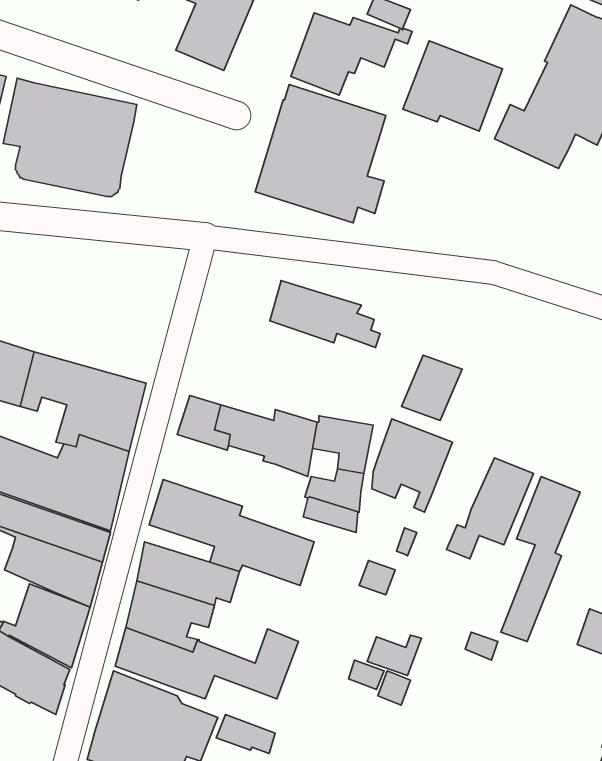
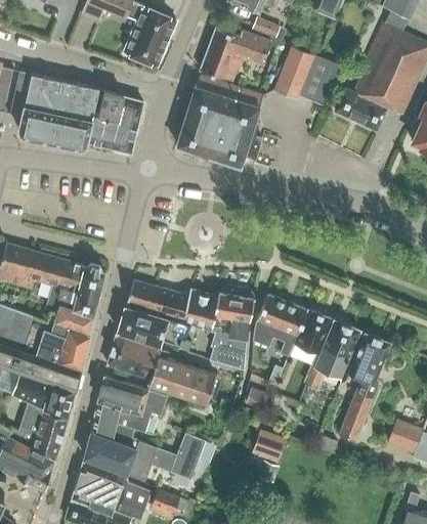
building: none -> [88,91,142,152]
building: [270,280,380,347] -> [118,305,190,349]
building: [401,355,462,420] -> [293,310,333,353]

